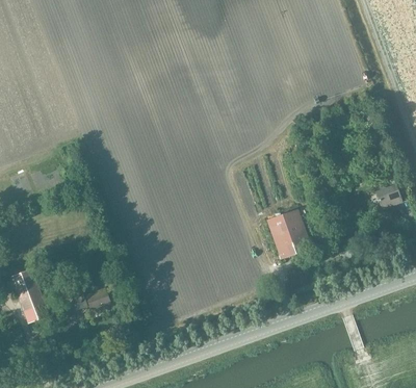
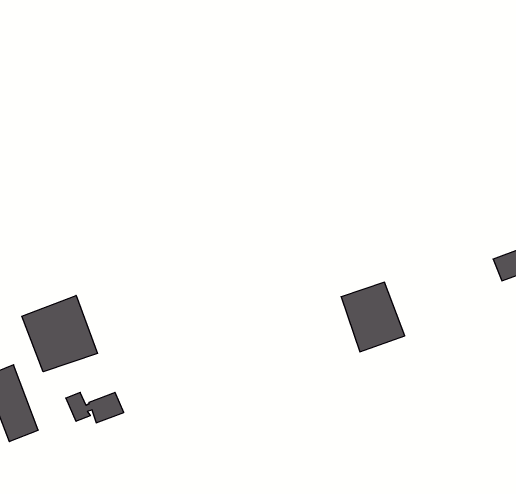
building: none -> [22,295,97,372]

